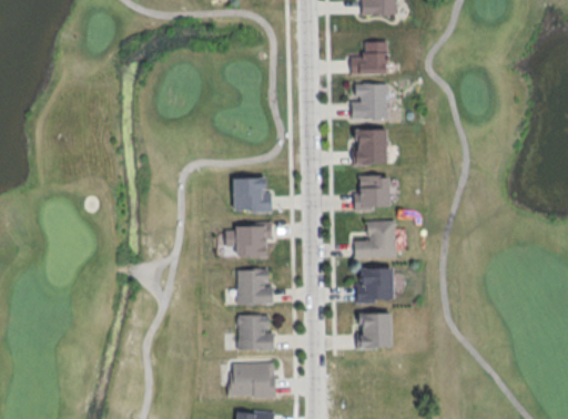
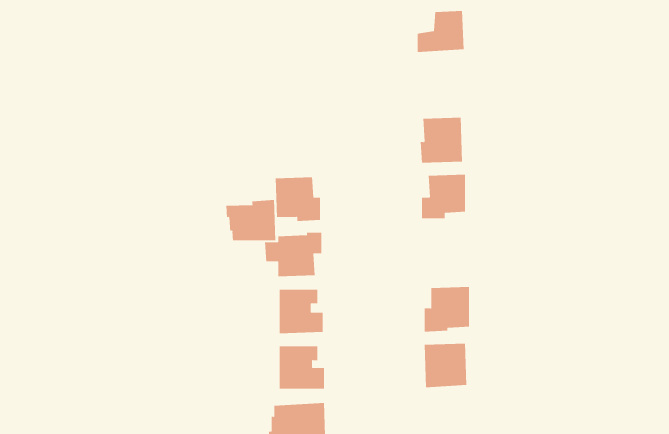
building: [352,83,388,121] -> none
building: none -> [226,199,276,241]
building: [355,221,397,258] -> none

